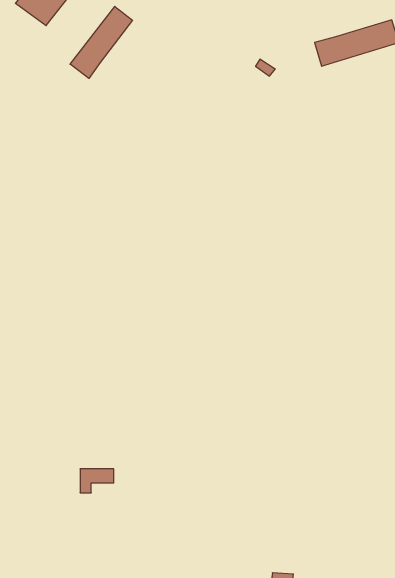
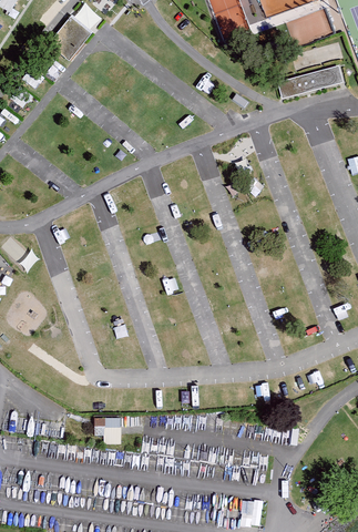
building: [70,6,132,78] -> none

